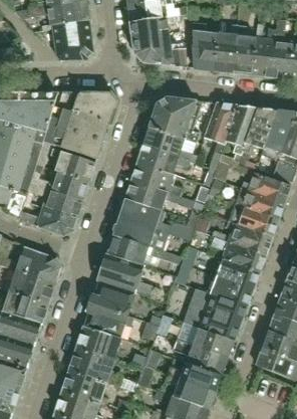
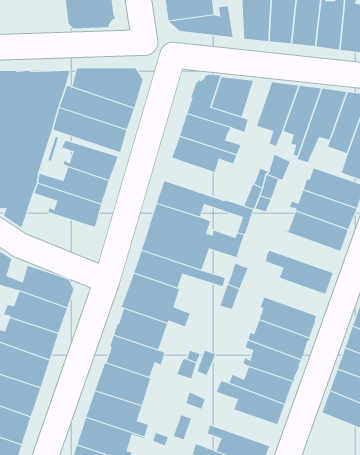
building: [131,162,183,196] -> none
building: [21,205,77,234] -> none
building: [211,220,272,253] -> none
building: [211,257,260,287] -> none
building: [168,362,222,391] -> none

